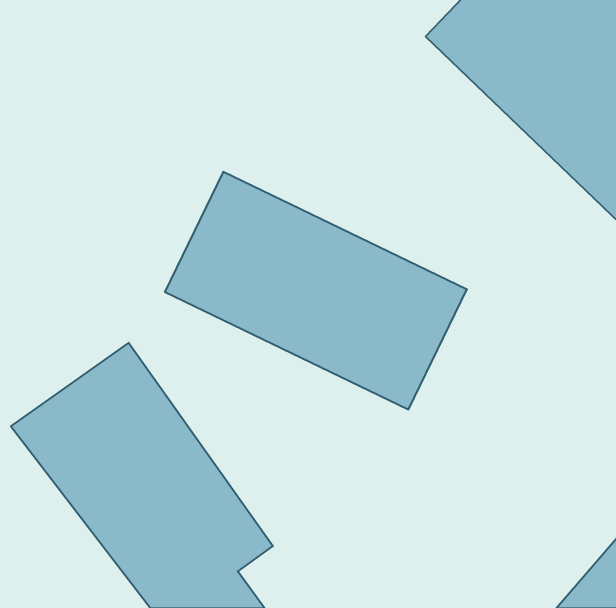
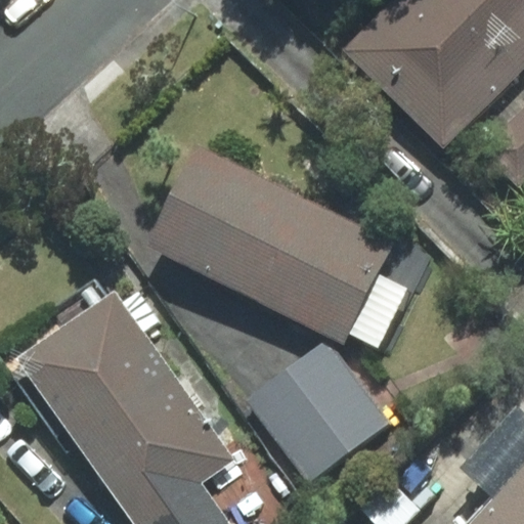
building: none -> [250,340,392,482]

